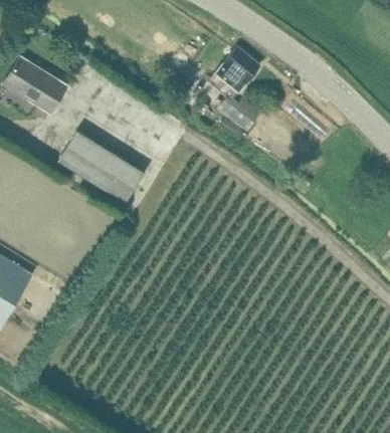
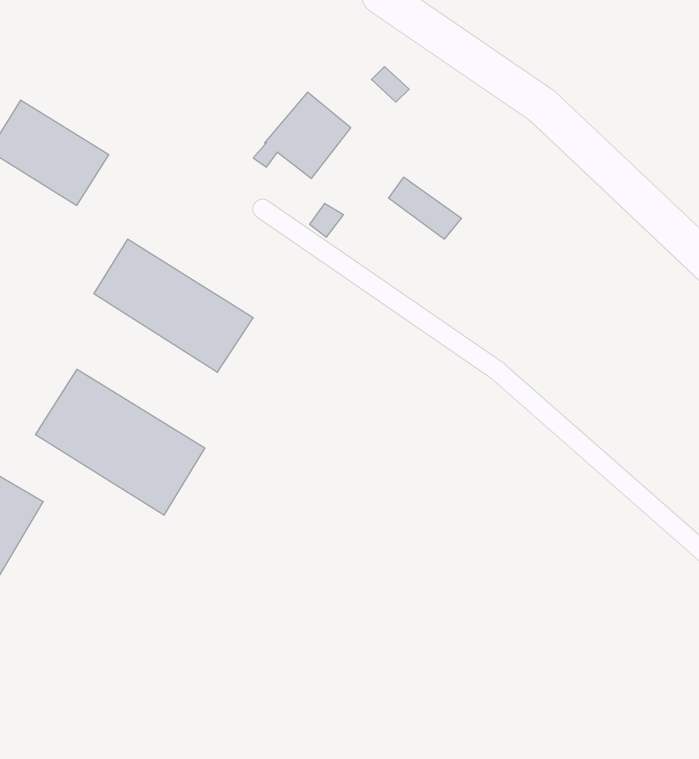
building: [208,46,260,92] -> [253,92,351,178]
building: none -> [36,369,205,515]

